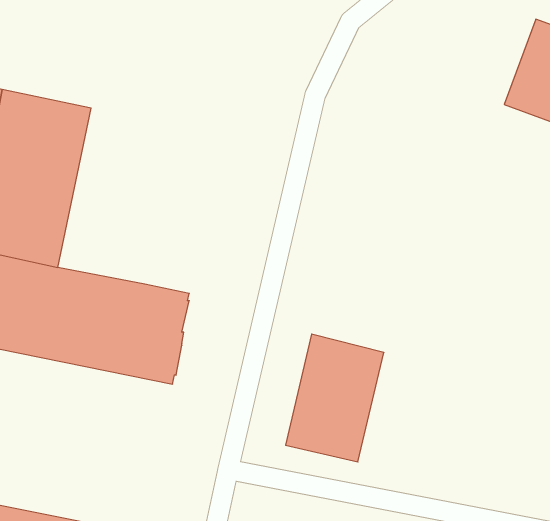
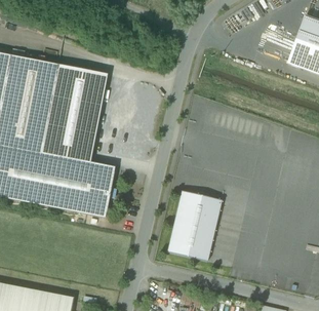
building: none -> [41,65,107,162]

